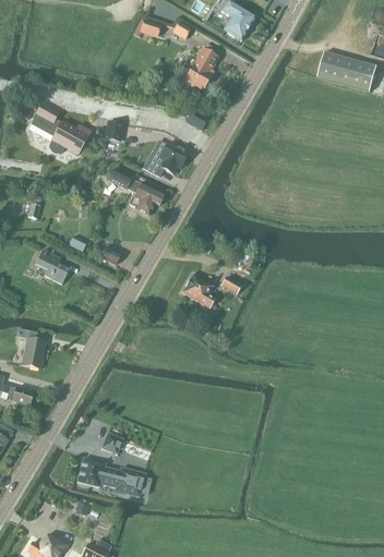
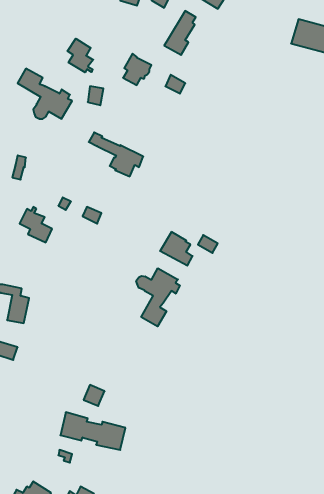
building: none -> [68,39,93,72]
building: [159,141,189,173] -> [123,54,151,85]
building: none -> [136,268,180,326]

